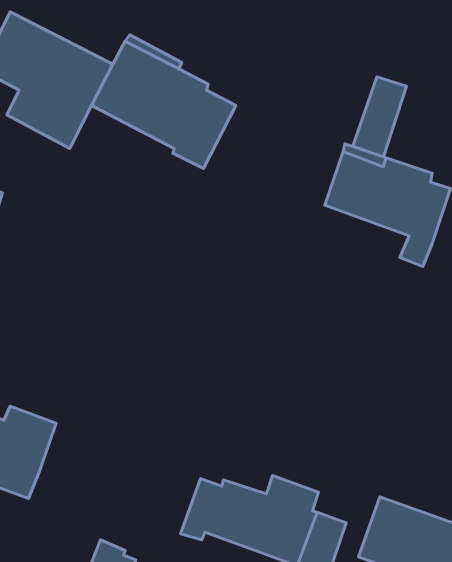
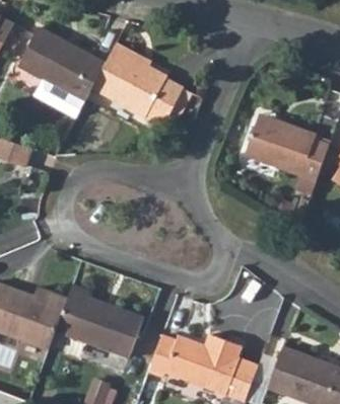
building: [353,77,407,157] -> none
building: none -> [56,284,143,357]

